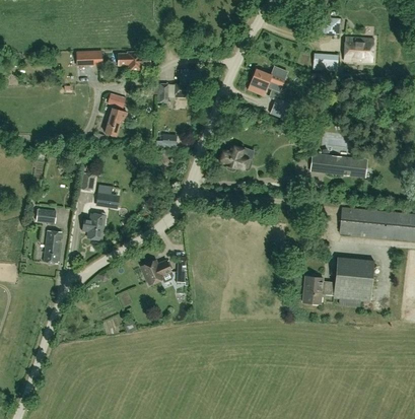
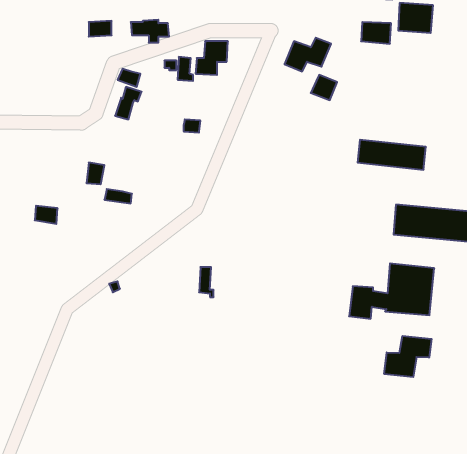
building: [219,145,254,170] -> none
building: [82,212,106,239] -> none
building: [44,229,62,263] -> none
building: [141,260,172,284] -> none
building: none -> [384,336,432,377]

